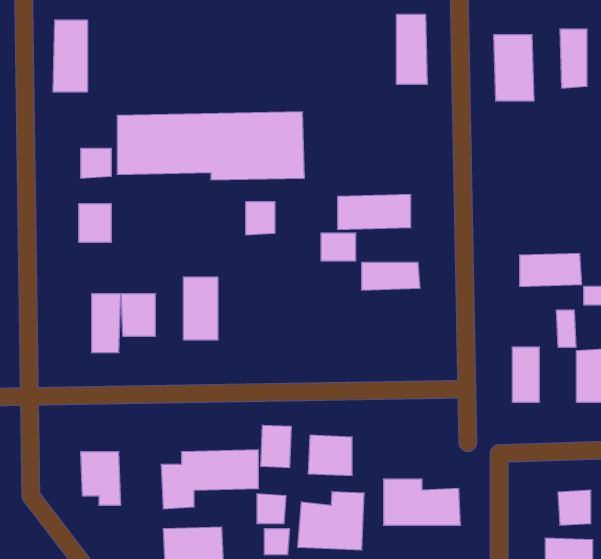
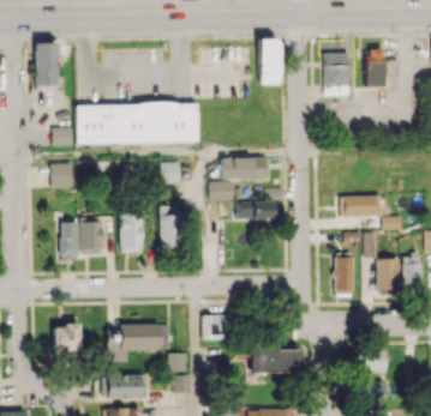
building: none -> [160,205,180,248]
building: [261,425,291,468] -> none
building: [298,491,364,550] -> none

